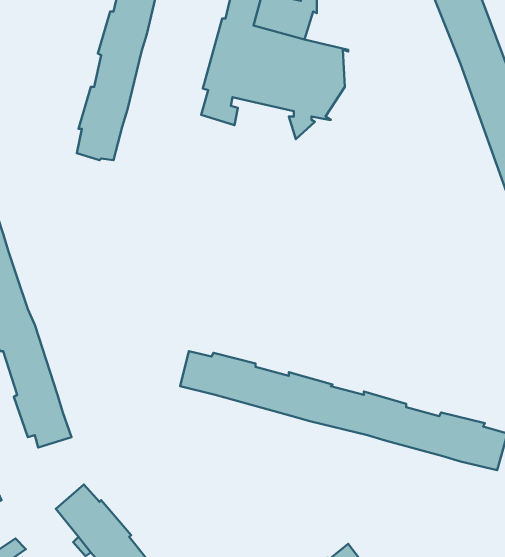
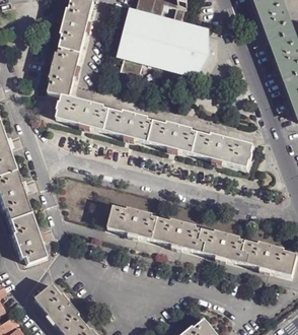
building: none -> [57,95,253,169]

